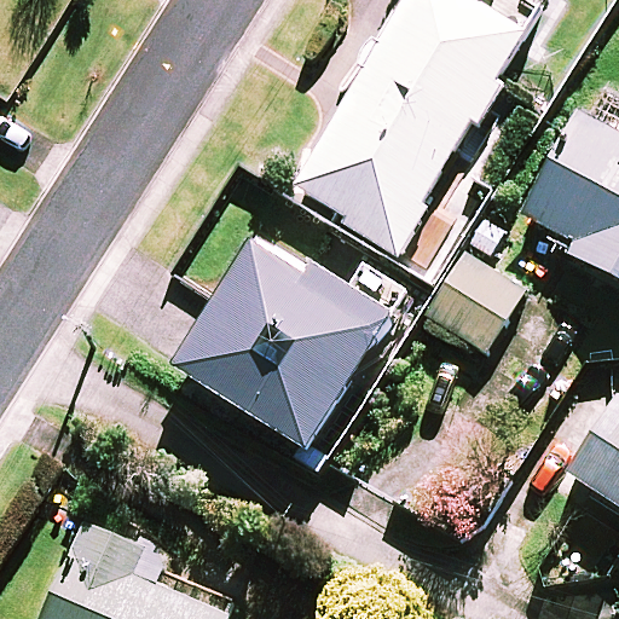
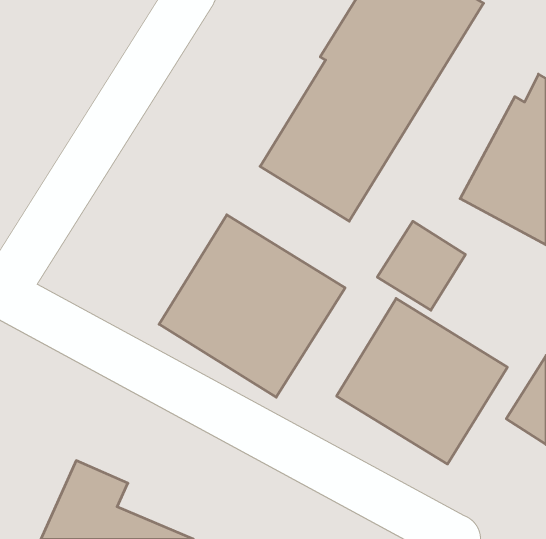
building: none -> [337,298,507,464]

